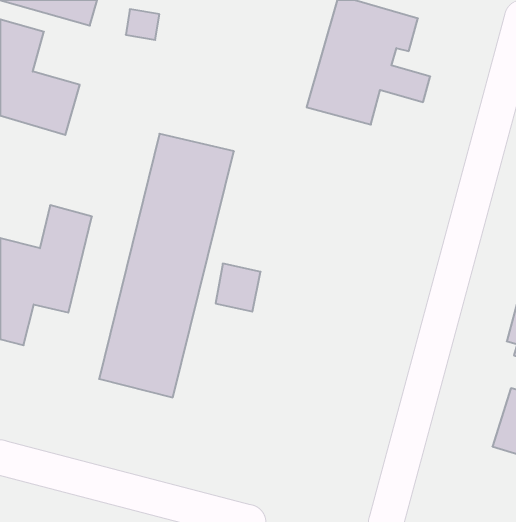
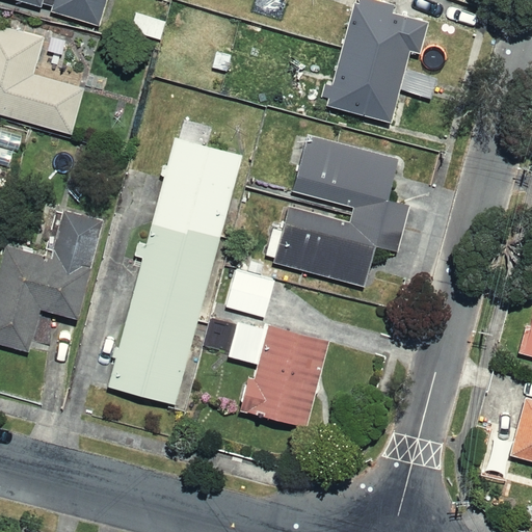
building: none -> [259,138,411,286]
building: none -> [225,316,329,429]

